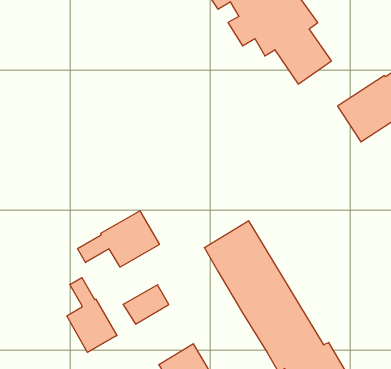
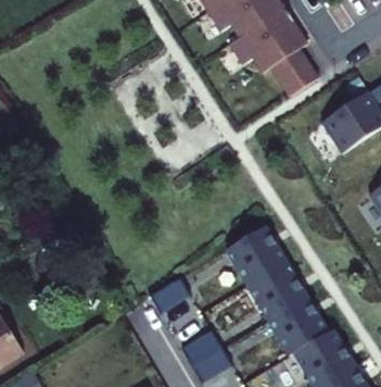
building: [78,211,159,267] -> none
building: [67,278,117,352] -> none

